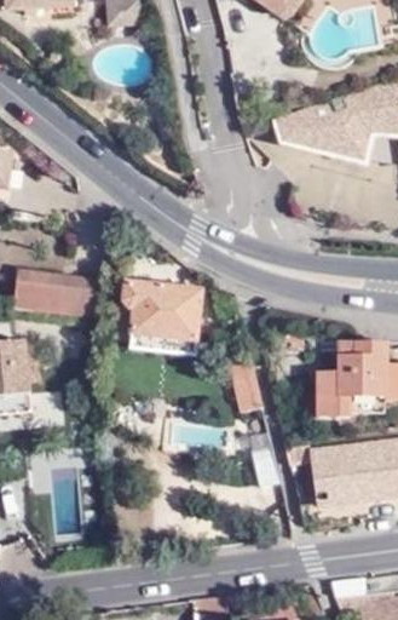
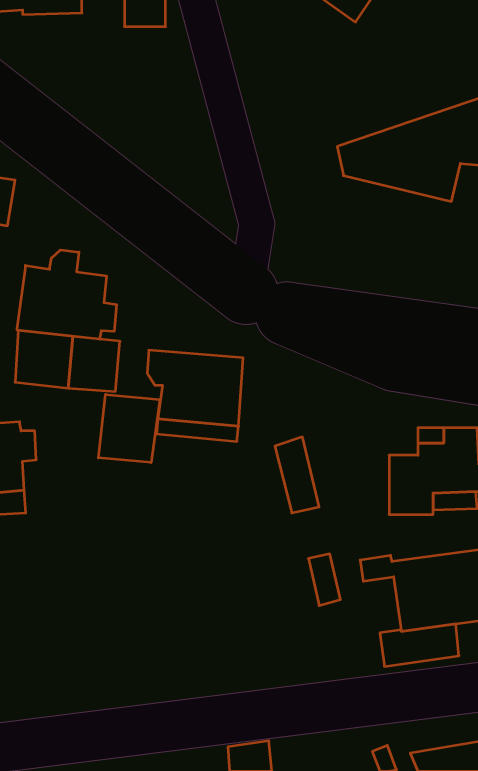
building: none -> [17,250,117,339]
building: none -> [98,394,160,463]

